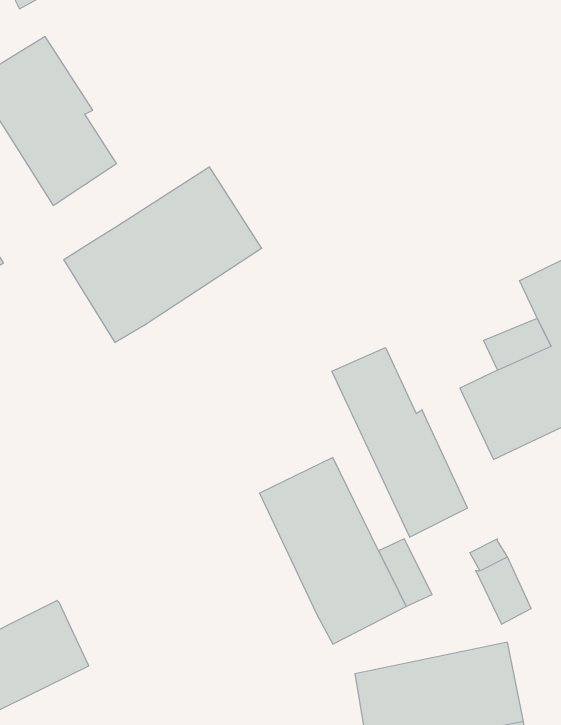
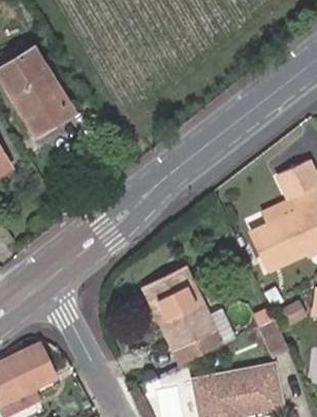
building: [64,167,262,343] -> none
building: [332,348,467,537] -> none

